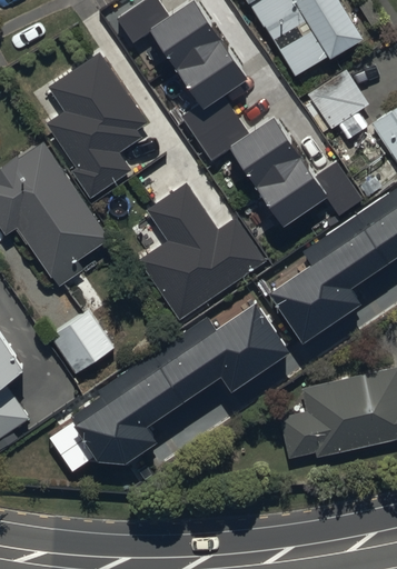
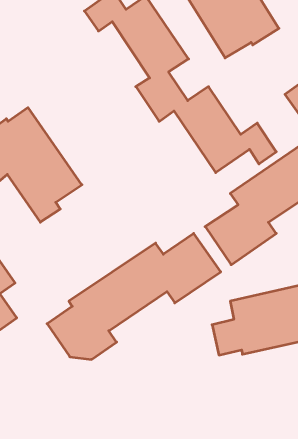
building: [47,52,149,199] -> none
building: [308,70,371,131] -> none
building: [139,184,267,321] -> none
building: [52,312,116,376] -> none

